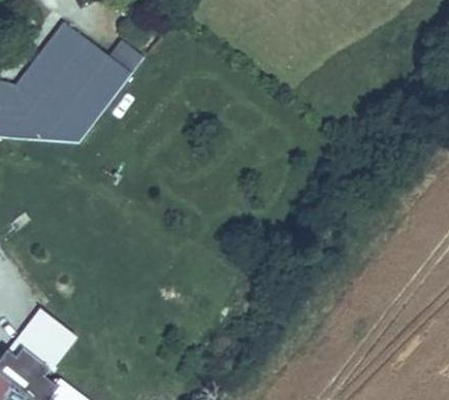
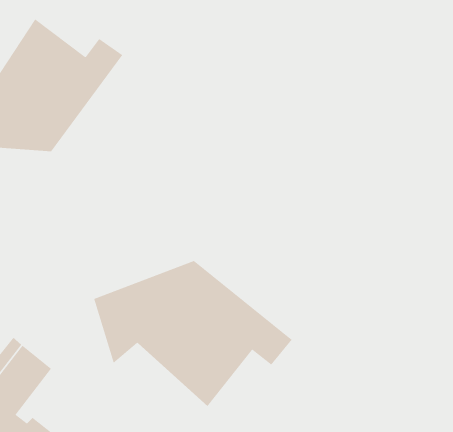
building: none -> [93,260,293,407]

